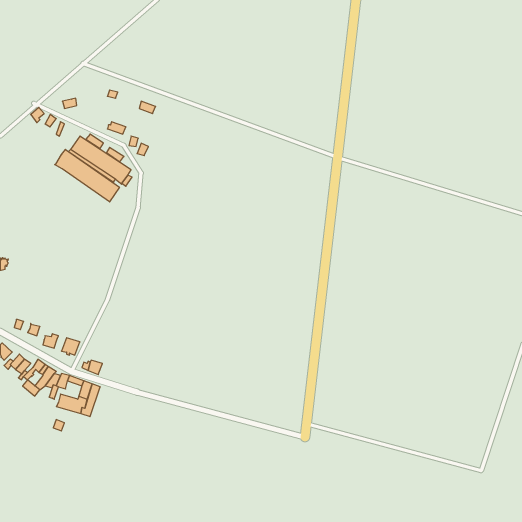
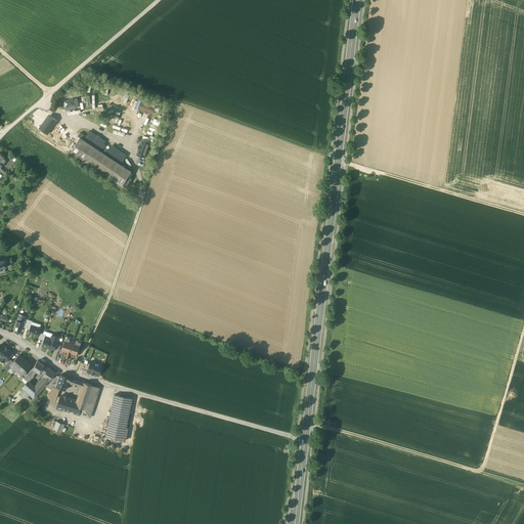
building: [55,149,119,202] -> none
building: none -> [106,393,133,438]

